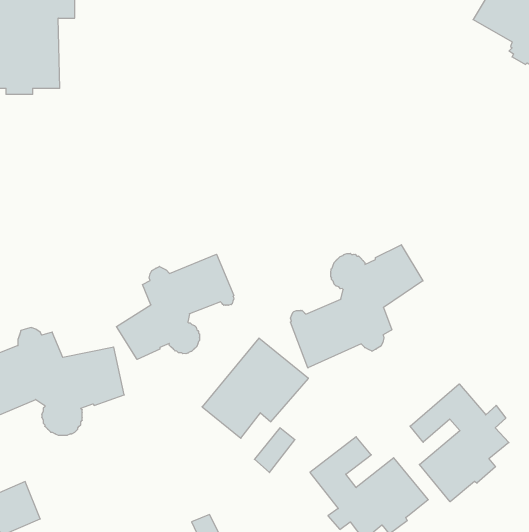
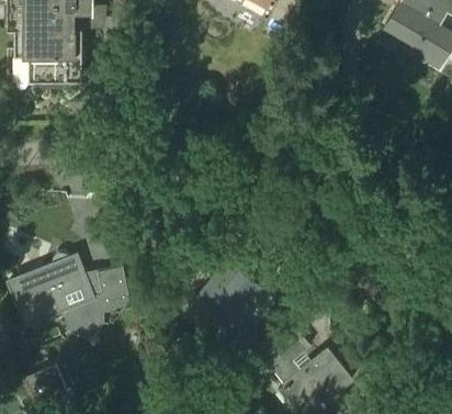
building: [290,245,423,368] -> none
building: [116,254,234,359] -> none
building: [410,384,509,502] -> none

